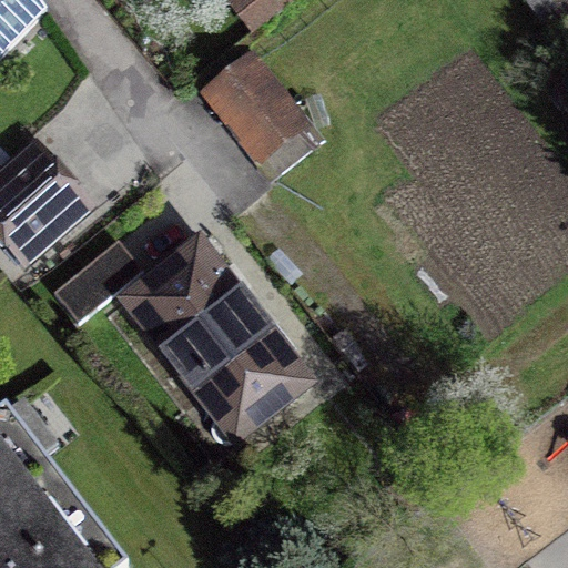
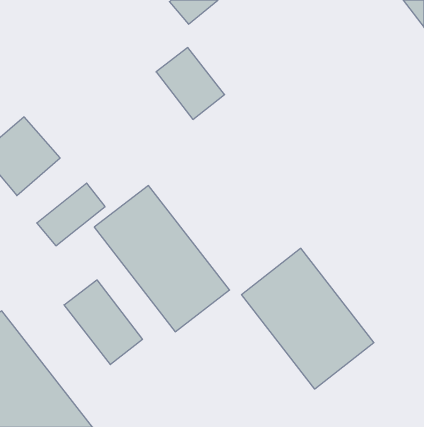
building: none -> [242,248,374,389]
building: none -> [64,280,142,365]

